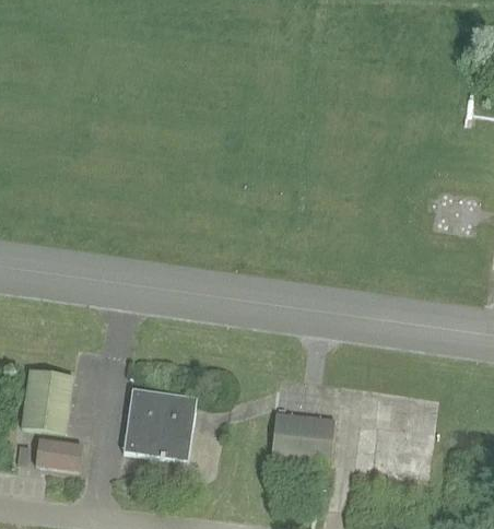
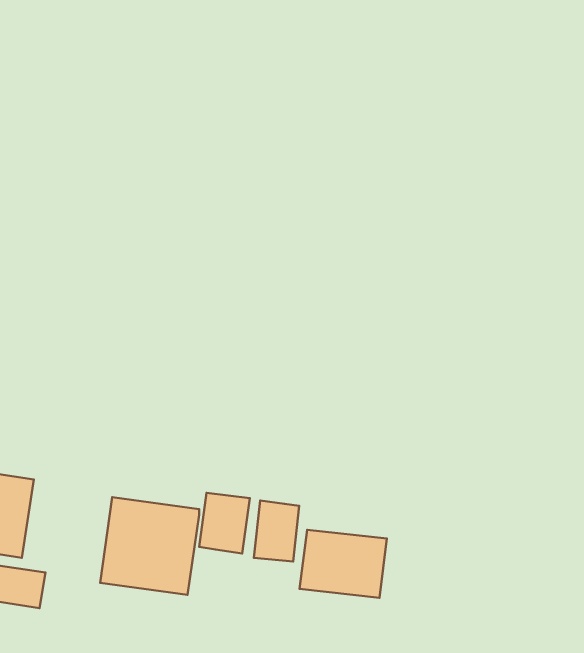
building: none -> [199,493,250,553]
building: none -> [254,501,299,562]

